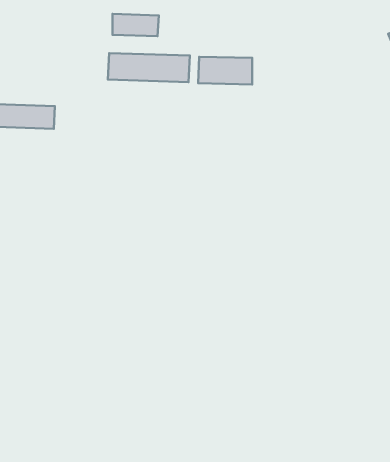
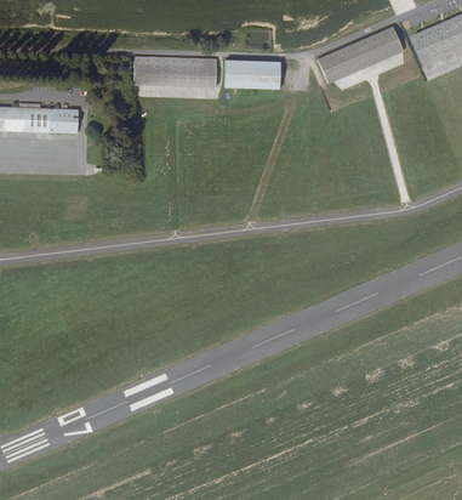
building: [112,14,159,36] -> none
building: none -> [319,27,404,83]

